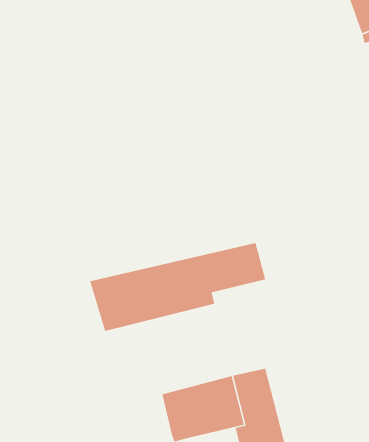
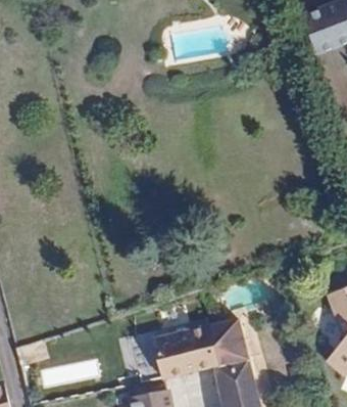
building: [89,242,266,332] -> none

